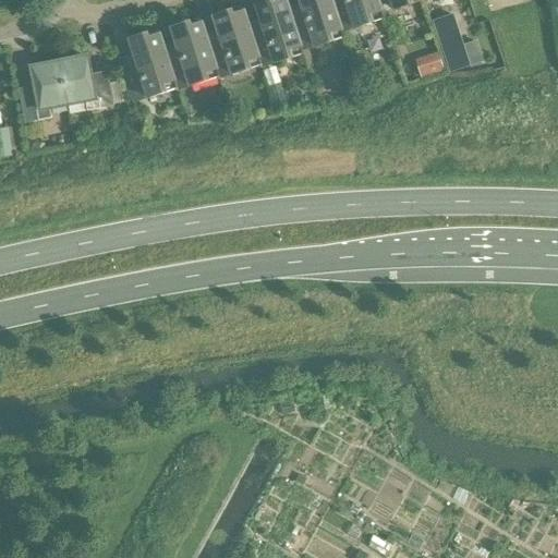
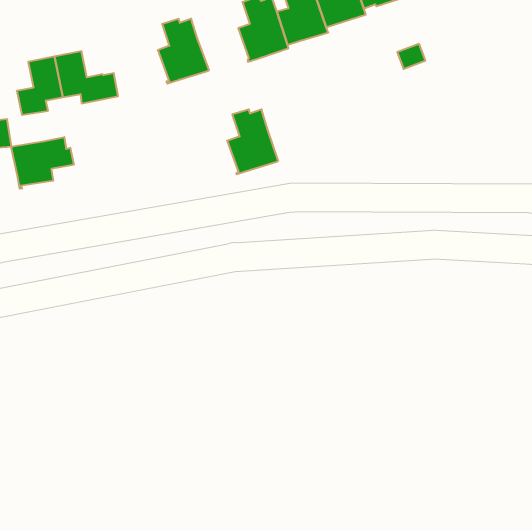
building: [206,8,259,75] -> [227,109,278,174]
building: [433,8,484,65] -> none
building: [121,31,177,99] -> none
building: none -> [11,137,74,189]

